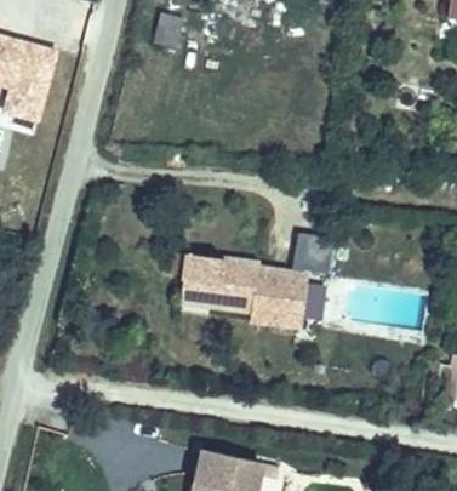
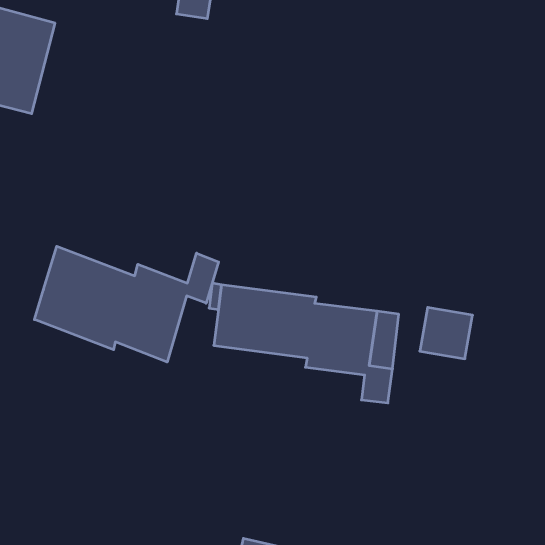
building: none -> [34,246,219,362]
building: [291,233,332,273] -> [420,307,473,359]

